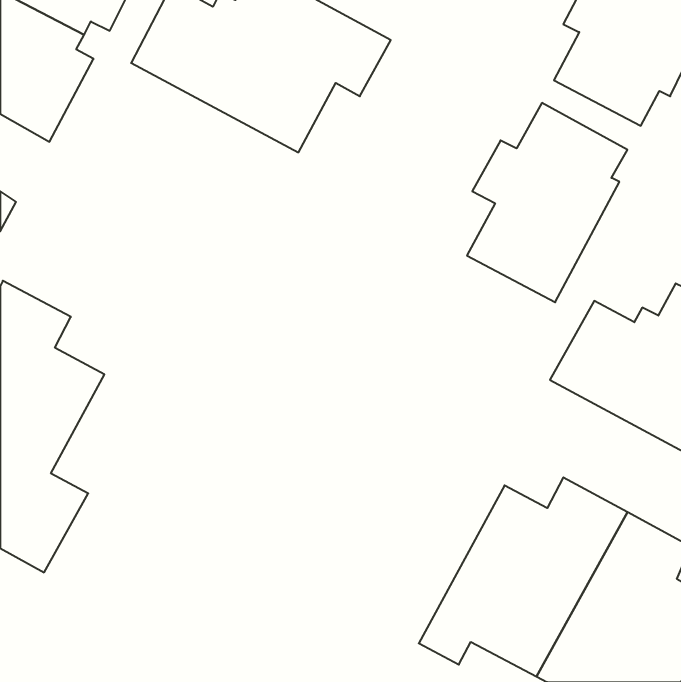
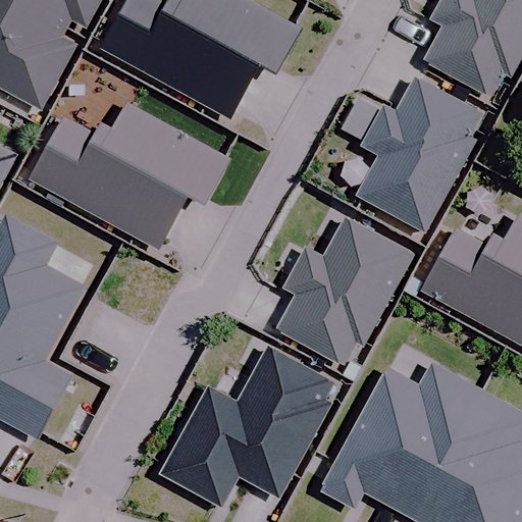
building: none -> [30,104,228,247]
building: none -> [278,218,412,363]
building: none -> [160,349,331,506]

